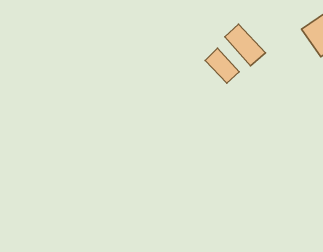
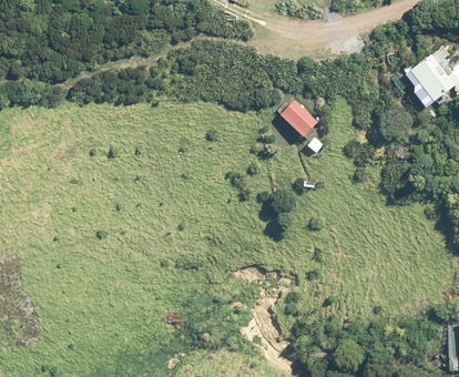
building: [225,24,265,66] -> none

